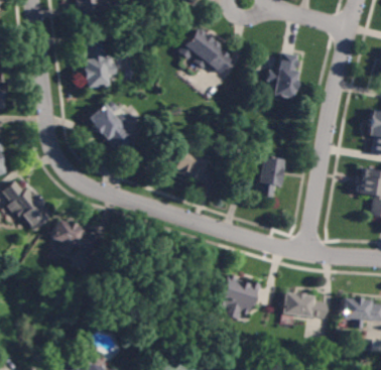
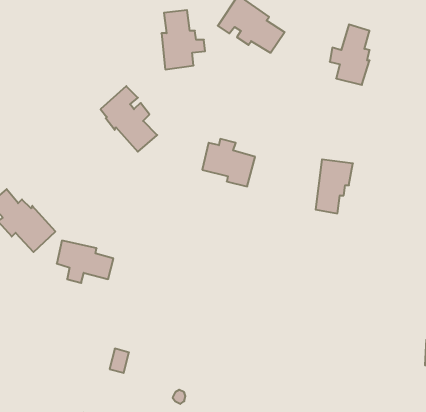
building: [83,41,117,88] -> [161,10,205,69]
building: [217,273,262,315] -> none
building: [283,293,328,319] -> none

